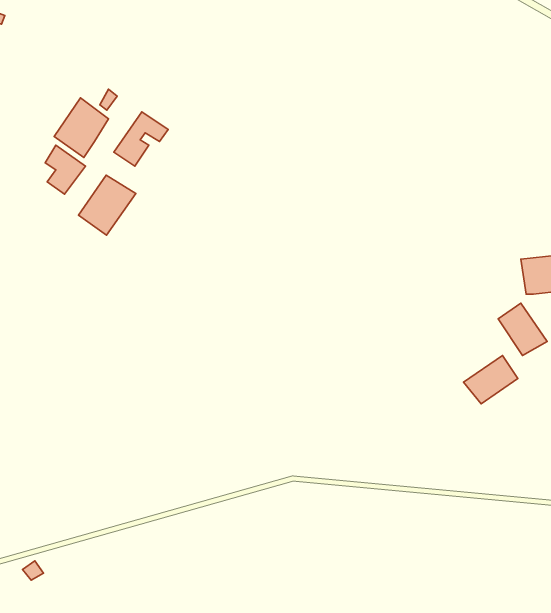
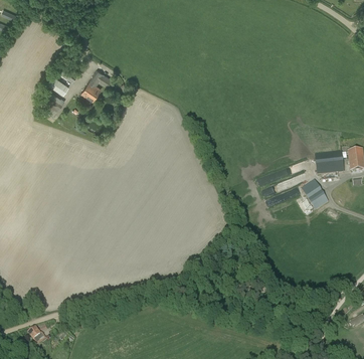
building: [79,175,136,235] -> none
building: [464,356,518,404] -> none

